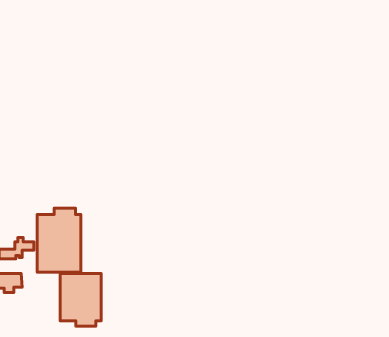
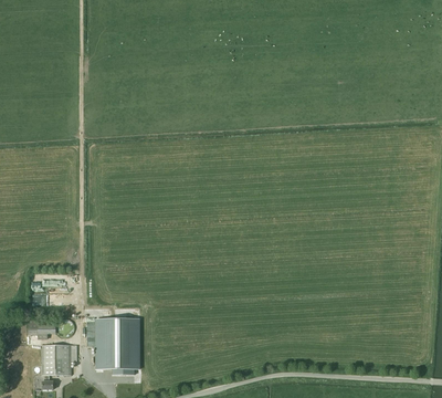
building: [37,208,81,272] -> none
building: none -> [42,344,76,380]

